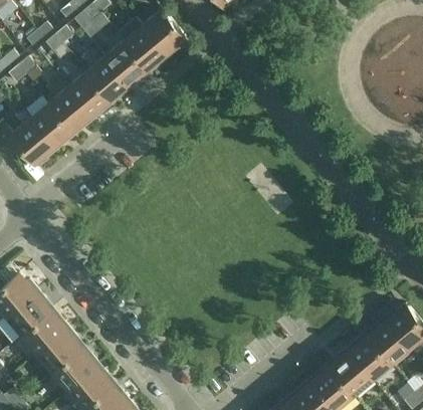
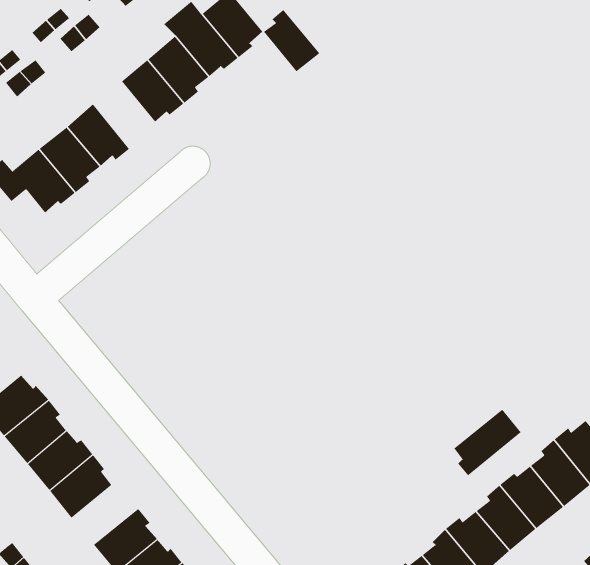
building: none -> [263,9,320,72]
building: [67,71,110,118] -> none
building: none -> [454,409,521,476]
building: [52,348,98,389] -> none

